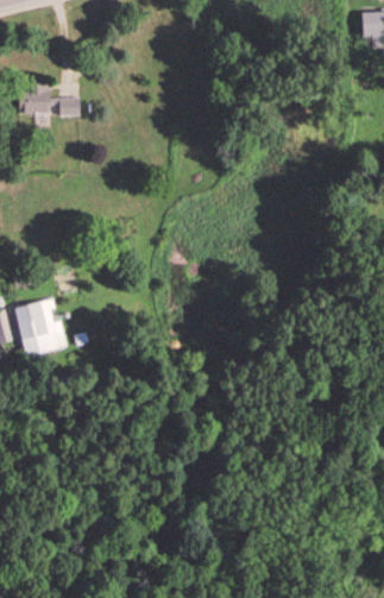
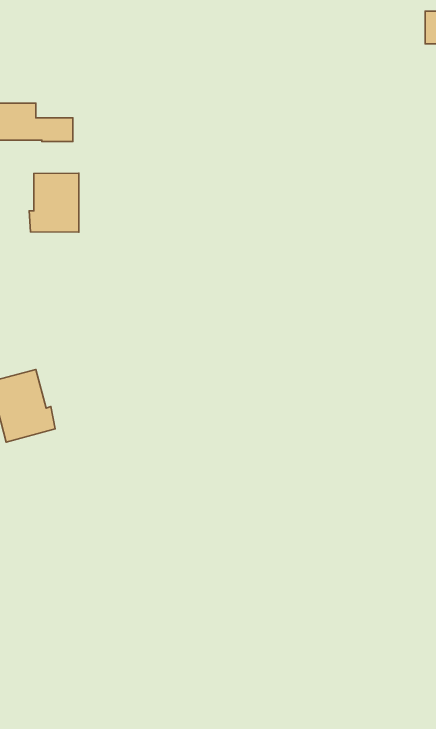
building: none -> [29,173,79,232]

